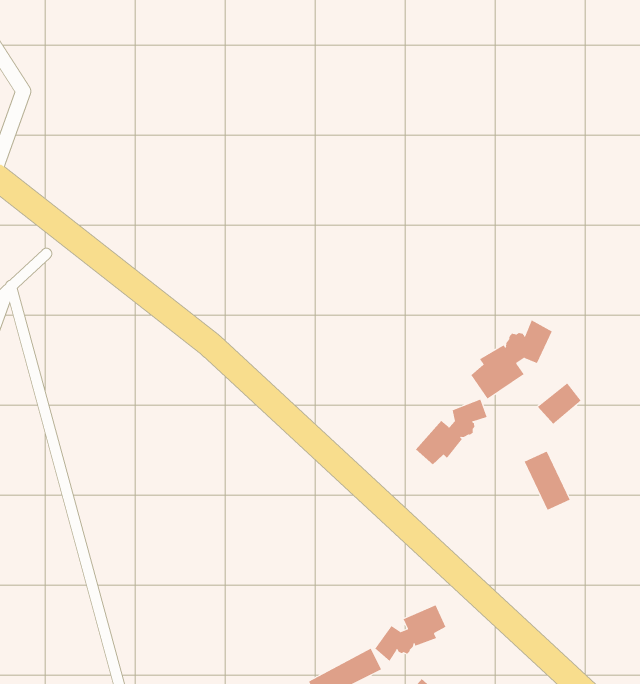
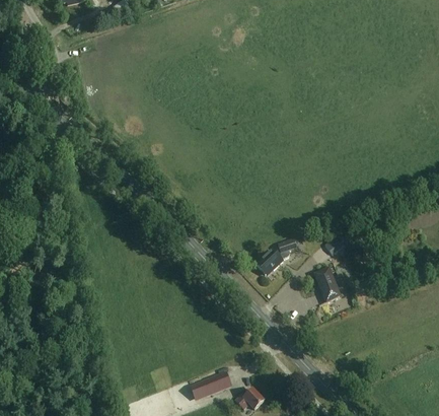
building: [470,319,552,399] -> none
building: [374,605,446,662] -> none

